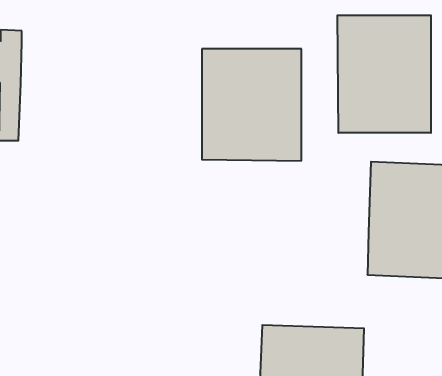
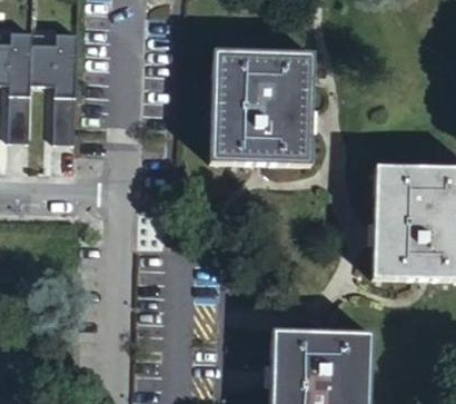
building: [337,15,431,133] -> none
building: none -> [30,33,77,144]

